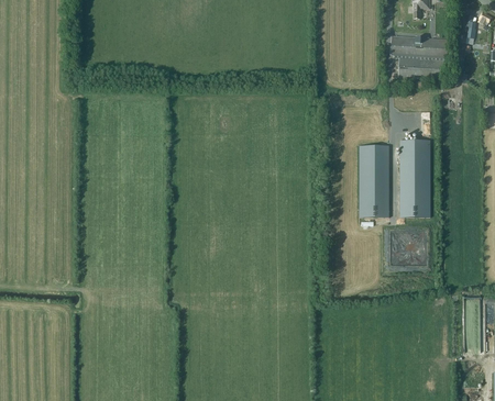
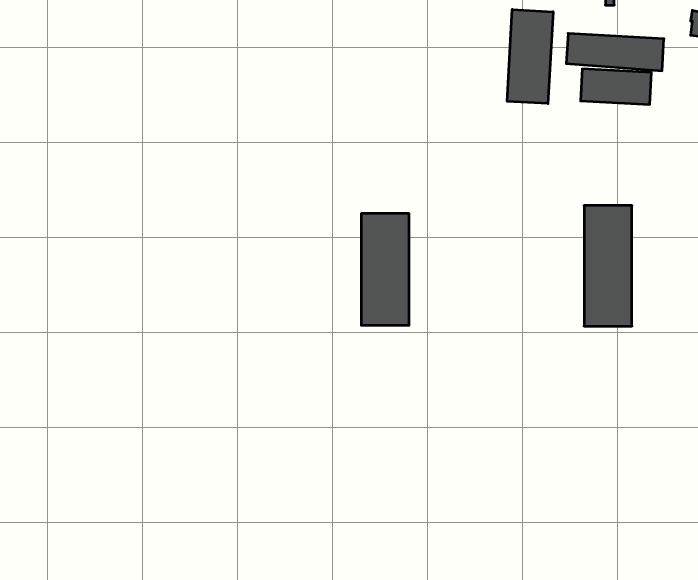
building: none -> [507,9,553,104]
building: [359,146,388,215] -> [361,214,409,325]

